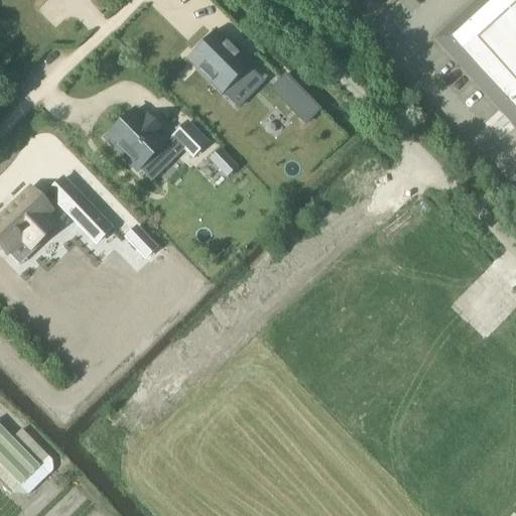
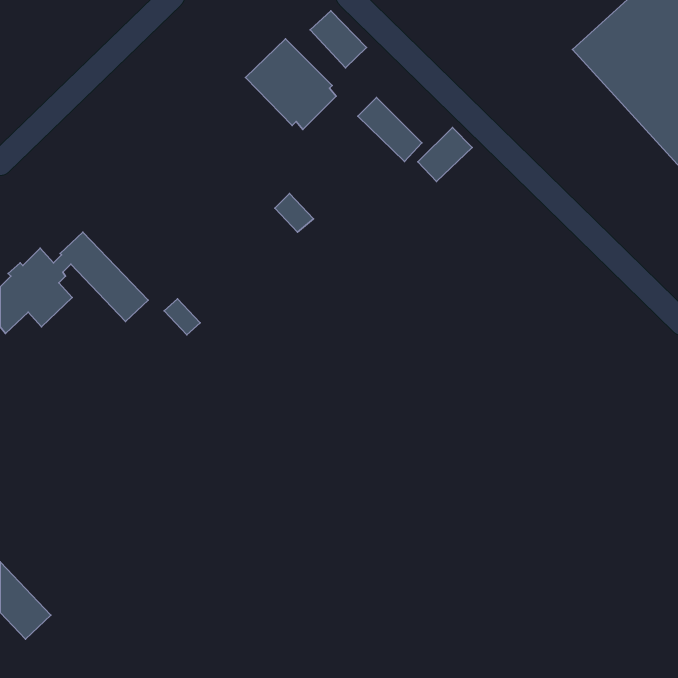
building: none -> [310,11,366,68]
building: none -> [418,128,472,182]
building: [108,108,209,174] -> none

